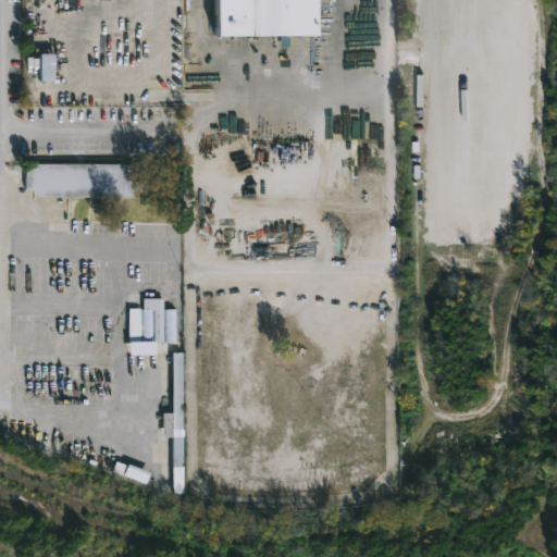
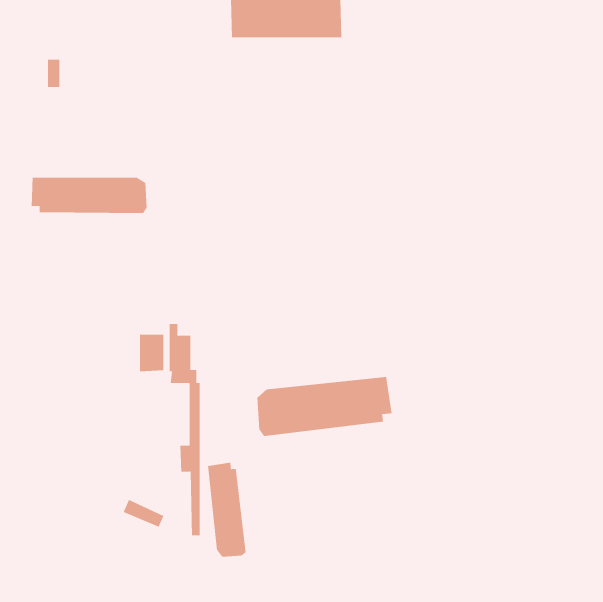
building: none -> [257,376,392,437]
building: none -> [207,462,246,557]

